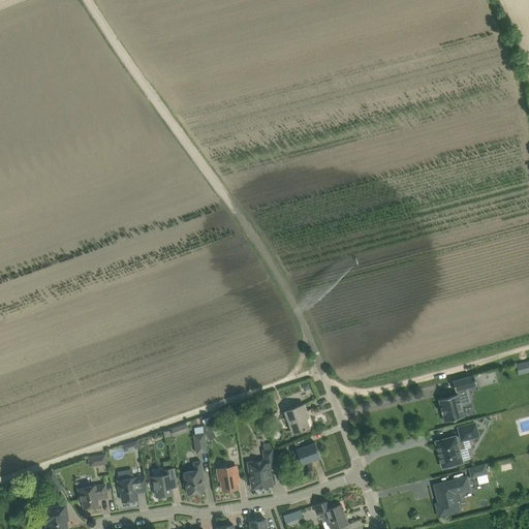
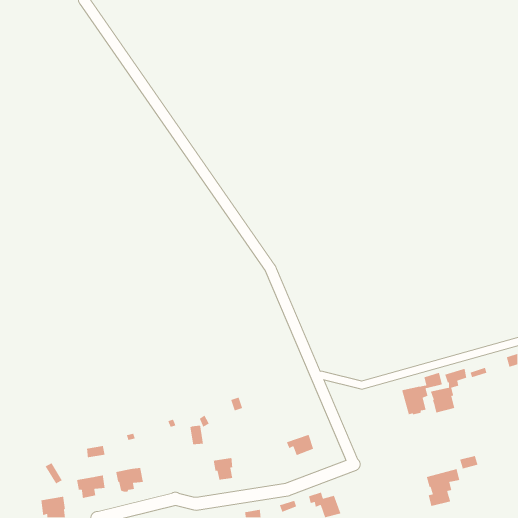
building: [285,404,310,434] -> none
building: [436,423,478,467] -> [401,372,443,415]
building: [249,449,279,488] -> none
building: [184,461,204,494] -> none
building: [151,468,177,496] -> none

